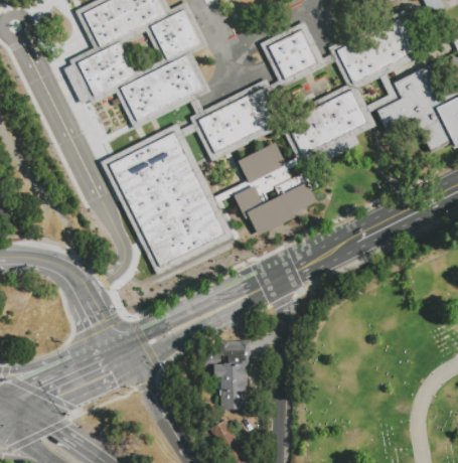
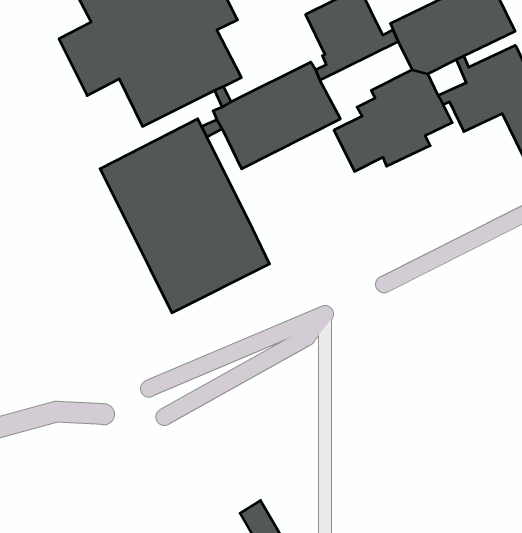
building: [213,141,316,234] -> none
building: [201,340,251,409] -> none

